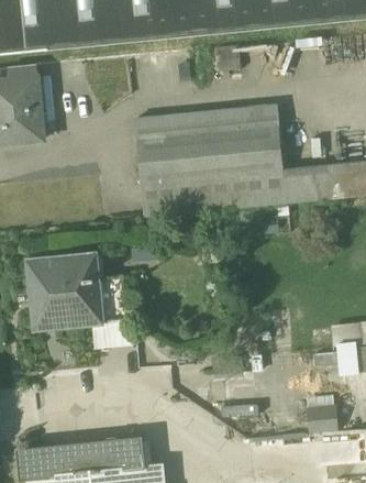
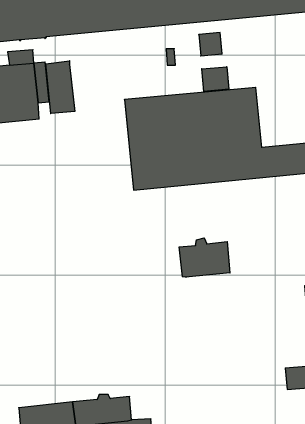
building: none -> [46,61,75,114]
building: none -> [202,67,229,91]
building: [29,252,125,329] -> none
building: none -> [179,238,230,277]

